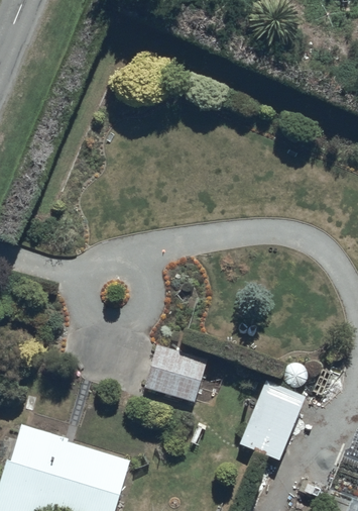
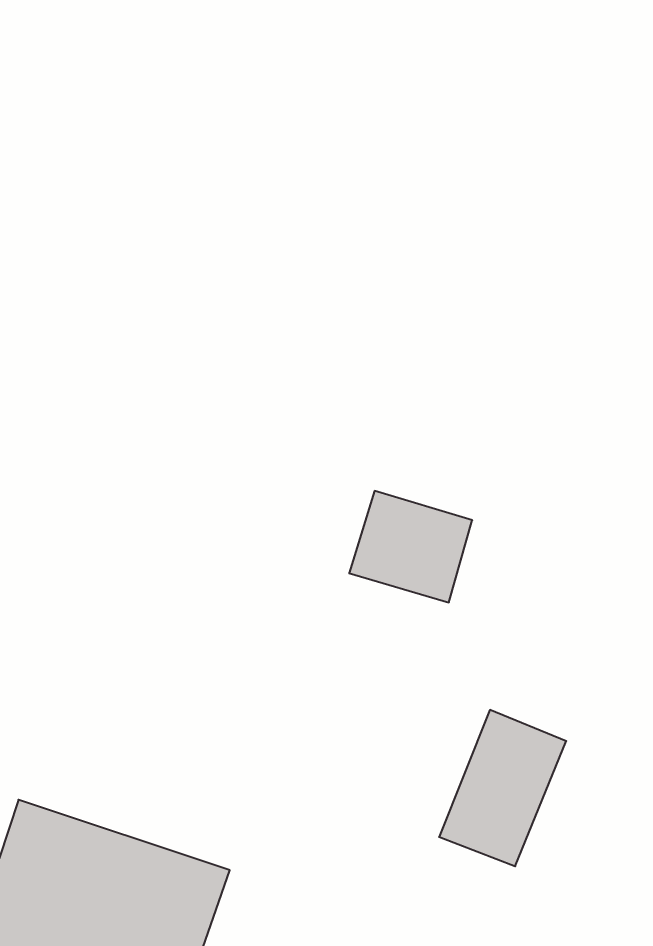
building: [144,345,208,403] -> [349,491,472,602]

